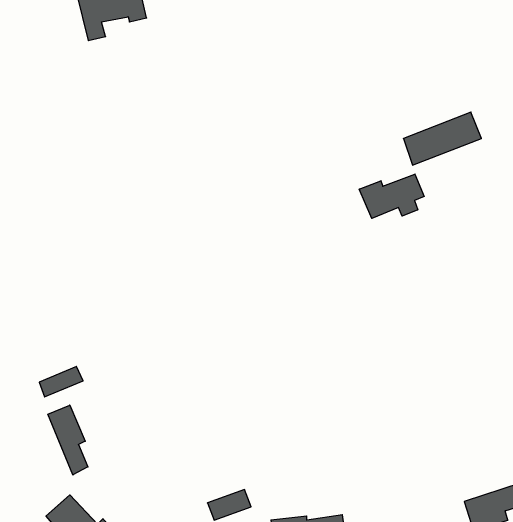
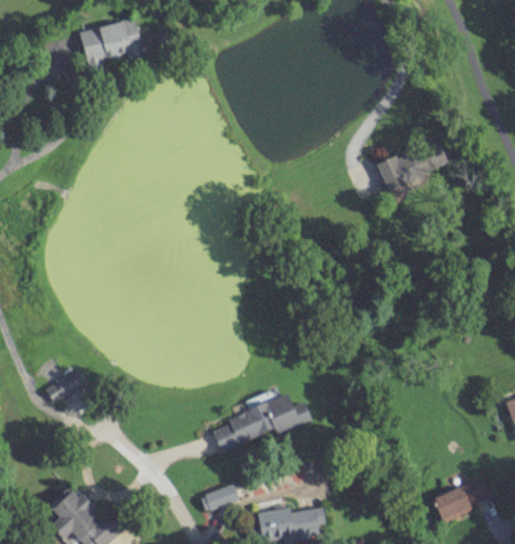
building: [359,174,424,218] -> none
building: none -> [210,398,311,451]
building: [48,405,88,475] -> none

